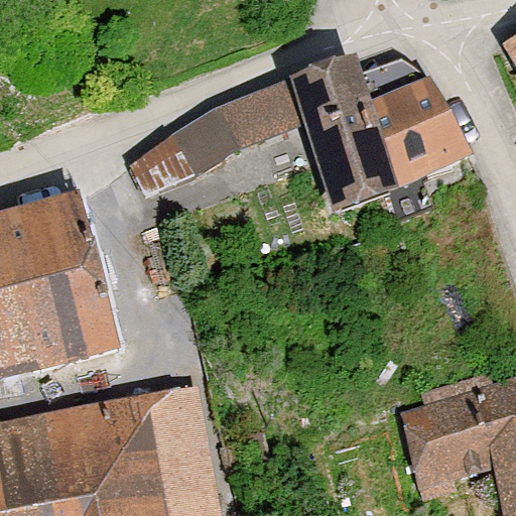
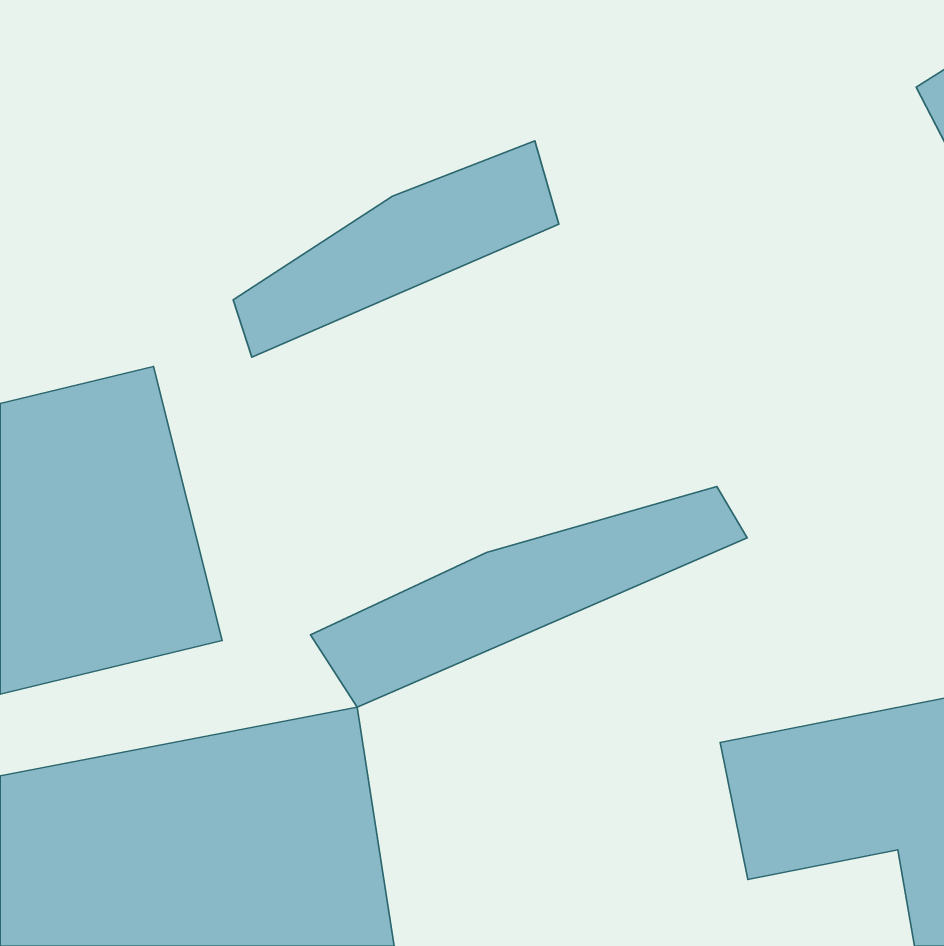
building: [292,60,475,218] -> none
building: none -> [311,487,747,707]

